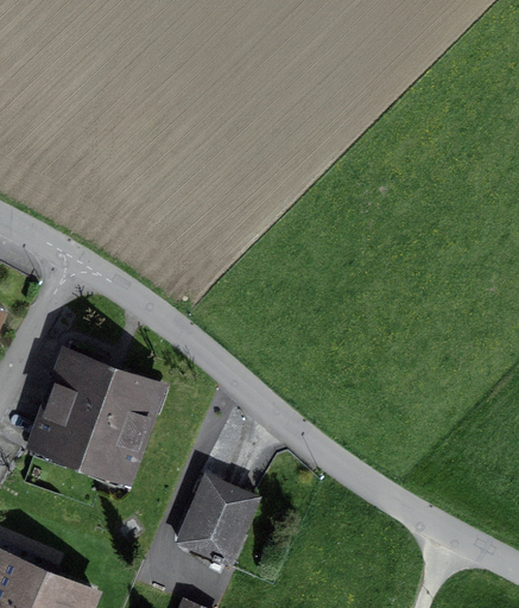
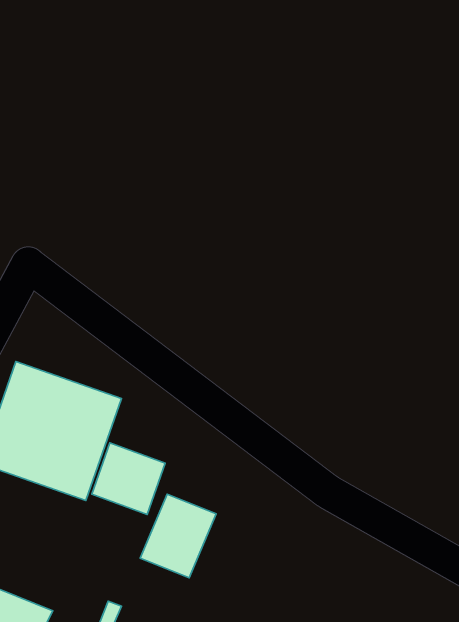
building: none -> [92,443,165,514]

